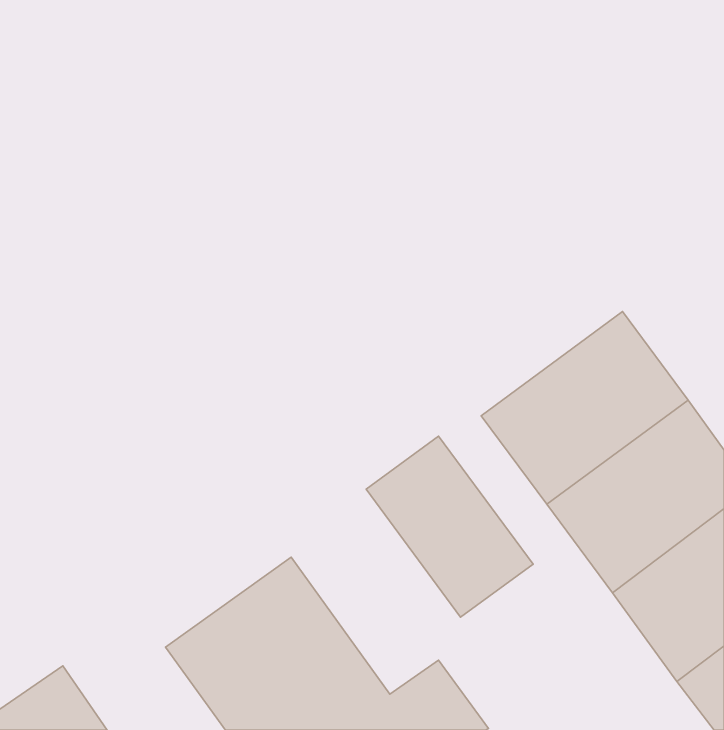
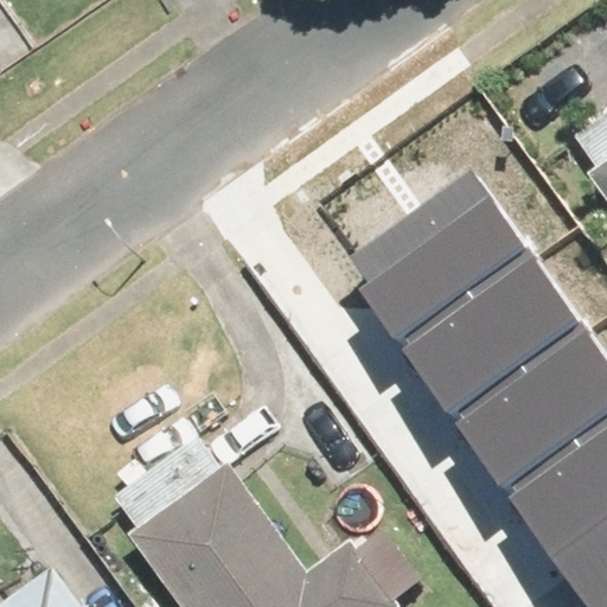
building: none -> [345,185,517,345]
building: [366,436,533,617] -> none

